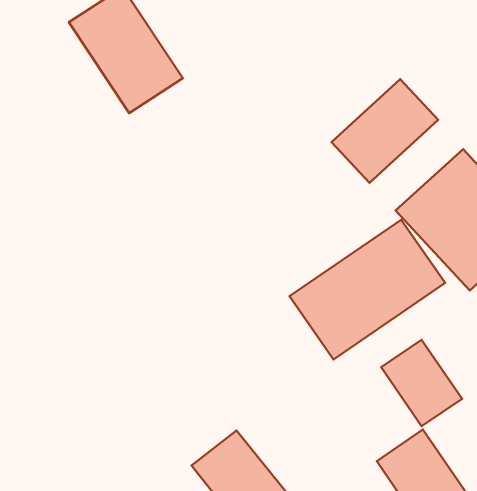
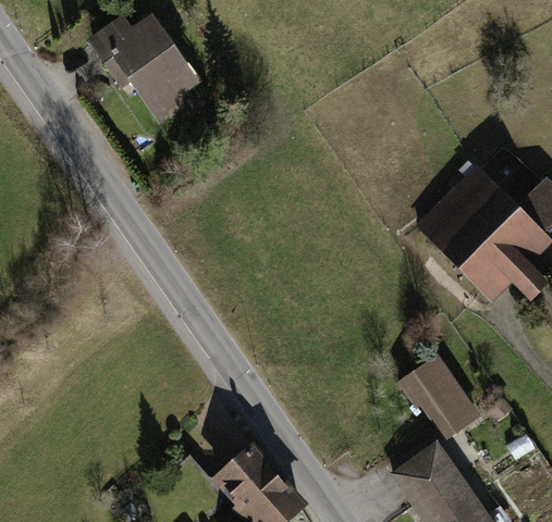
building: [332,79,438,183] -> none
building: [290,220,445,359] -> none

